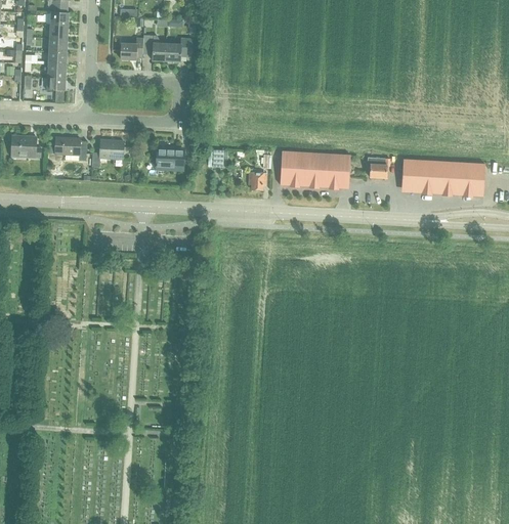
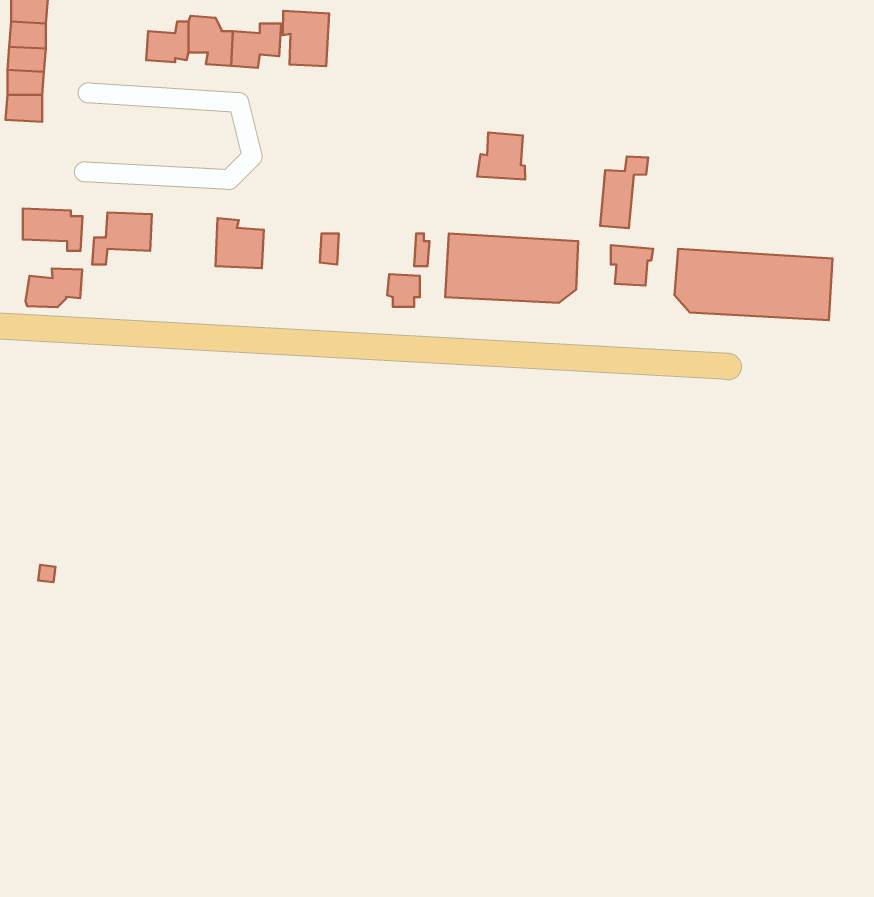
building: none -> [283,11,329,66]
building: none -> [477,132,525,179]
building: none -> [600,157,648,228]
building: none -> [25,268,82,307]

